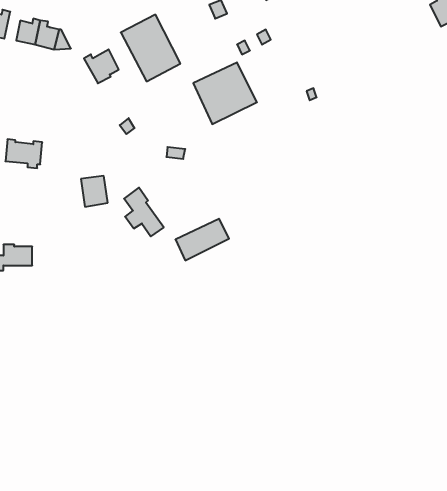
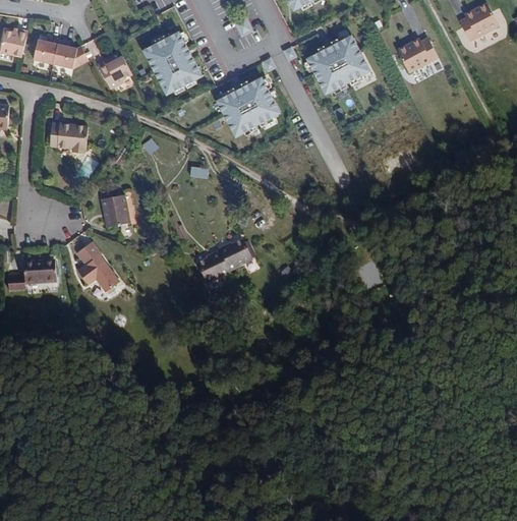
building: none -> [302,37,370,102]
building: none -> [397,37,438,71]
building: [5,139,42,168] -> [49,122,87,152]
building: [124,188,164,236] -> [75,242,116,292]

